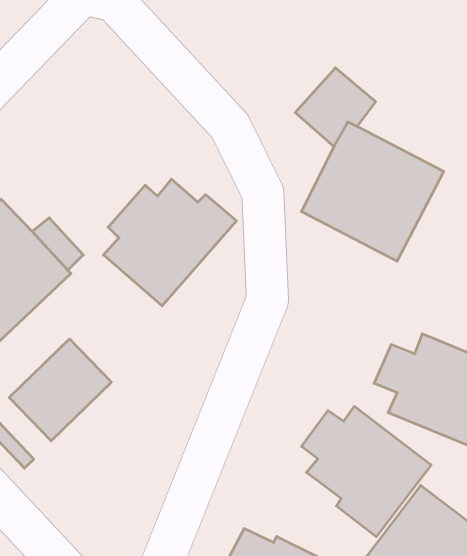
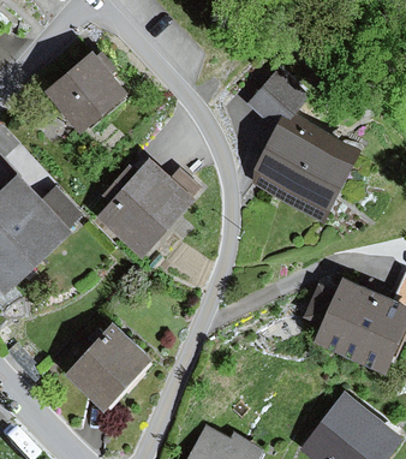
building: none -> [52,52,125,124]
building: [9,339,111,441] -> [68,324,148,404]
building: [302,406,431,537] -> none

